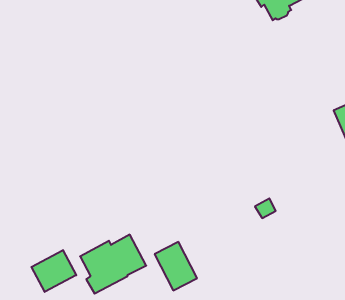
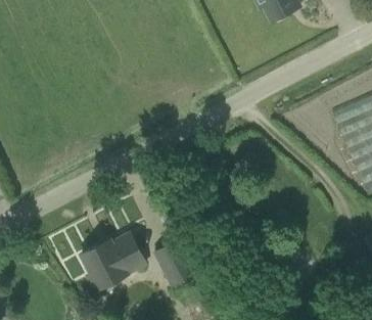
building: [31,250,76,292] -> none

